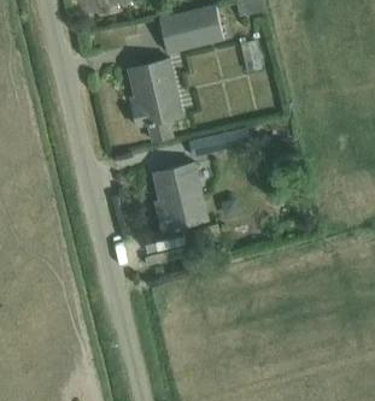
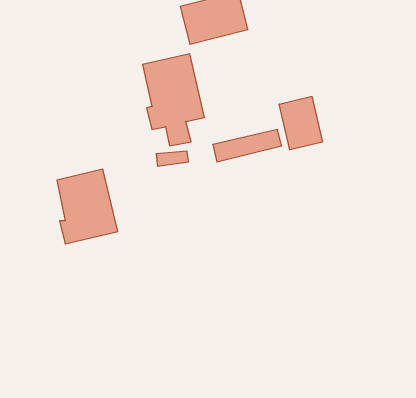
building: none -> [279,96,322,150]
building: [153,164,207,230] -> [57,169,118,244]

